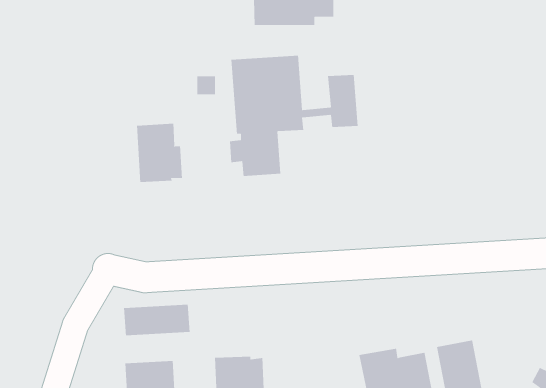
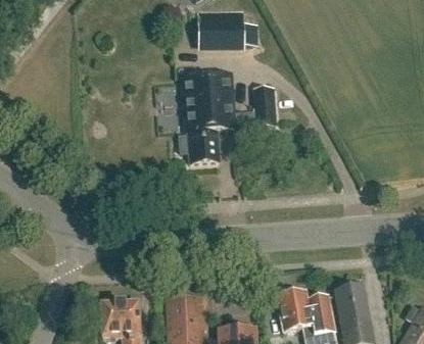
building: [137,123,183,183] -> none
building: [124,304,190,336] -> none

